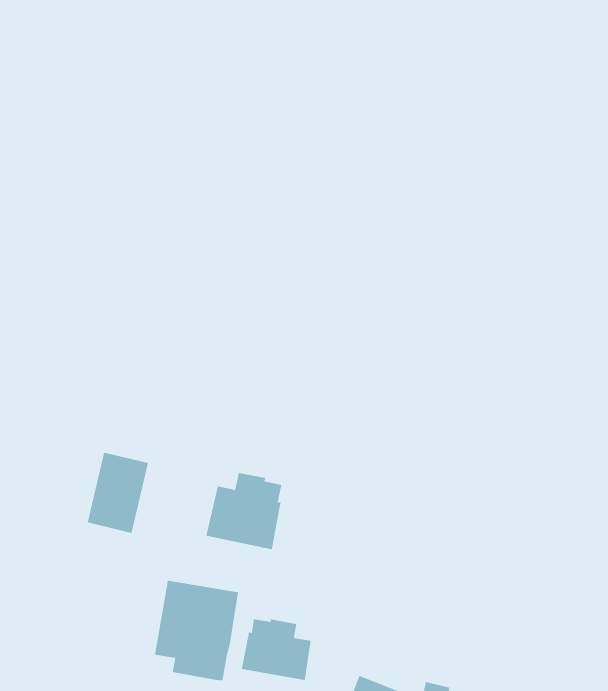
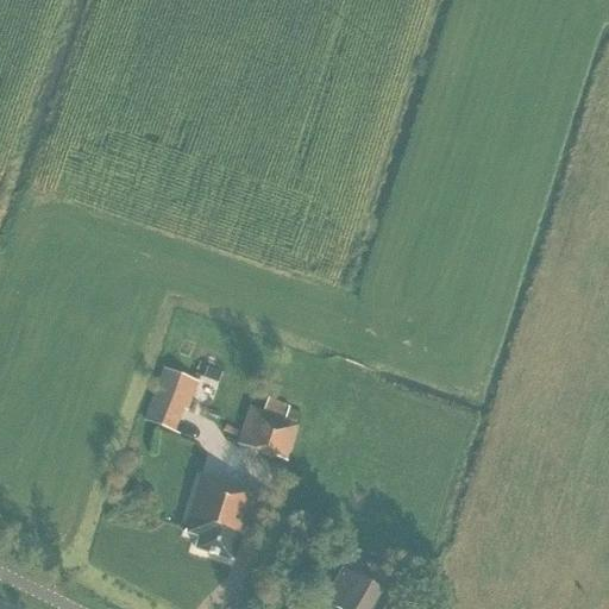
building: [241,619,311,681] -> none

